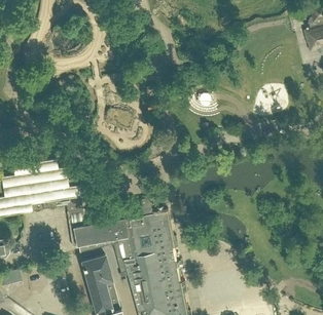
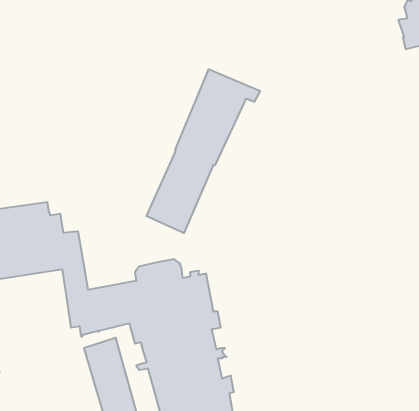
building: none -> [146,69,260,233]

